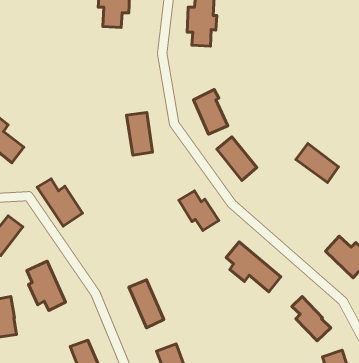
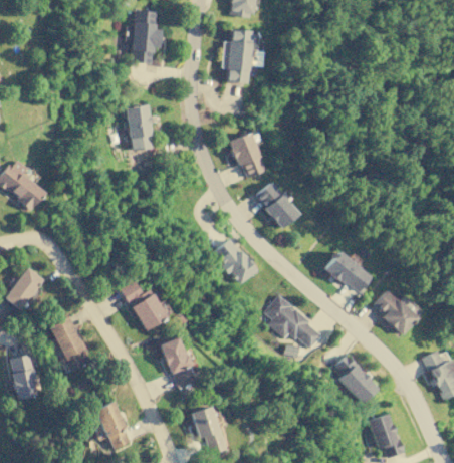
building: [126,112,152,155] -> [126,104,154,151]
building: [296,144,339,183] -> [325,251,372,293]
building: [37,179,83,226] -> [120,280,169,331]

